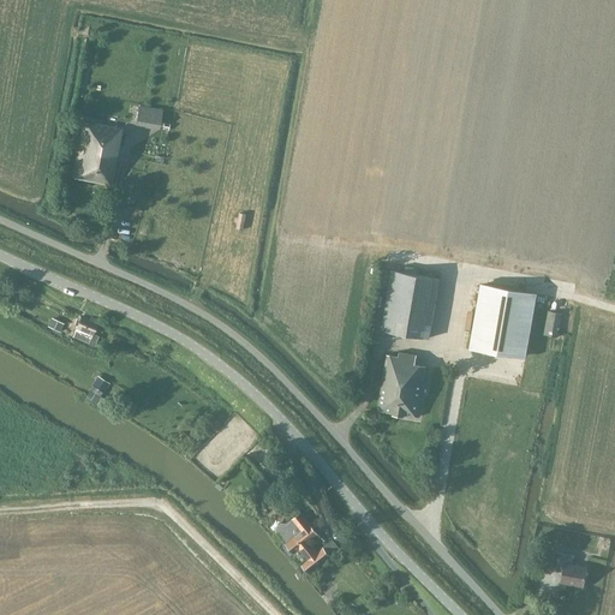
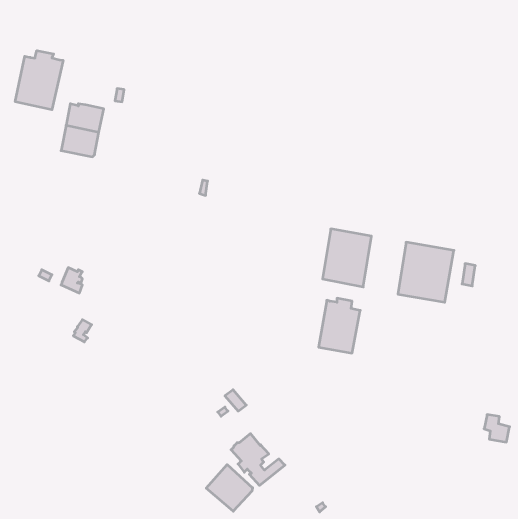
building: none -> [15,51,63,110]
building: none -> [206,465,253,511]
building: [557,555,587,587] -> [484,415,510,442]

